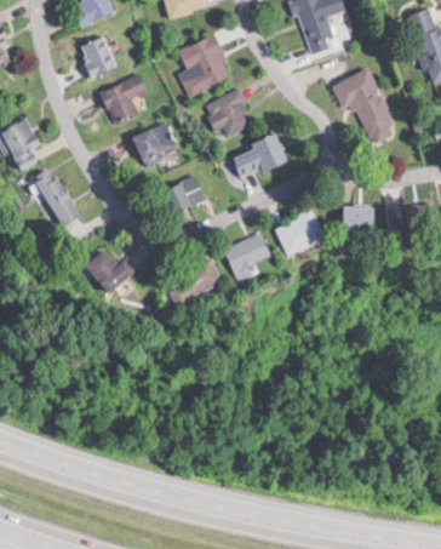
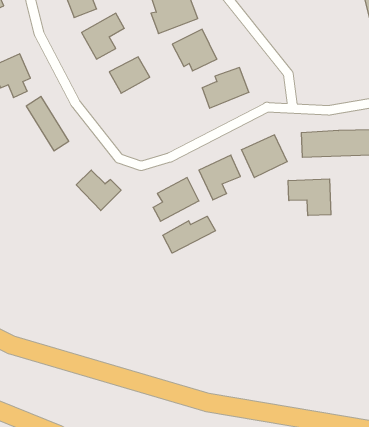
building: [331,69,395,142] -> none
building: [164,176,208,216] -> none
building: none -> [288,179,331,216]
building: none -> [163,216,215,253]

